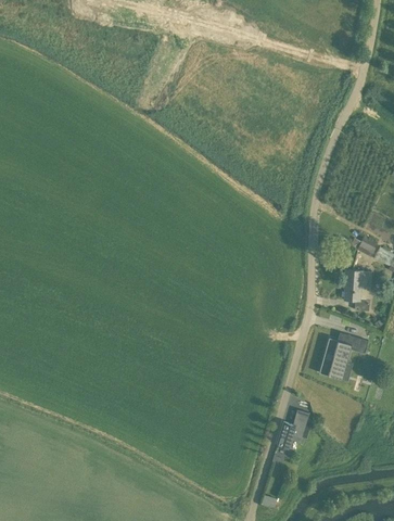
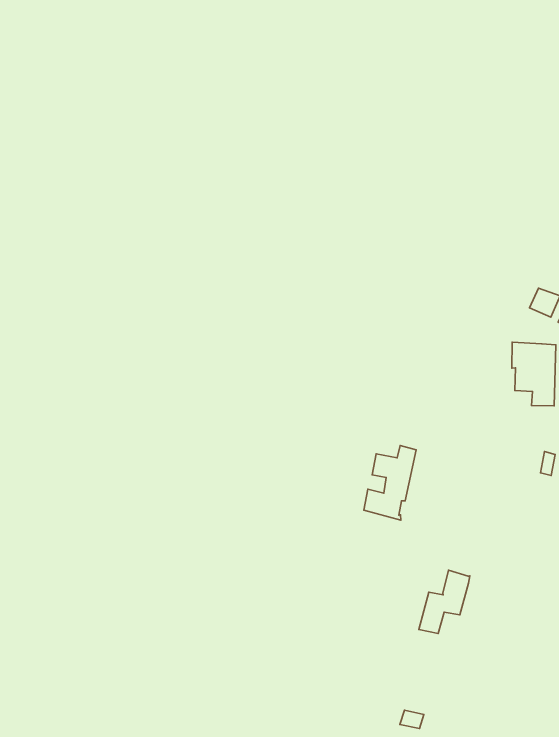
building: [319,333,354,380] -> [364,445,416,520]

